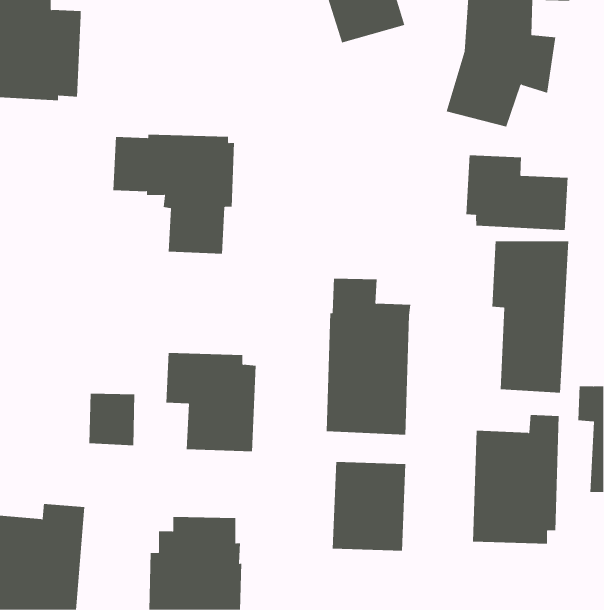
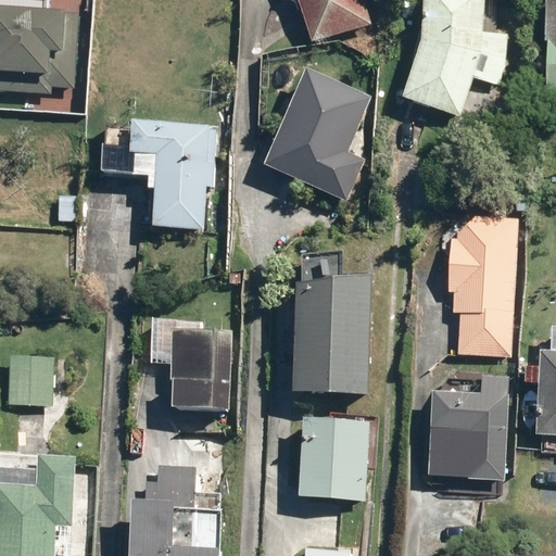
building: none -> [266,71,370,200]
building: [466,154,568,231] -> none
building: [89,393,135,446] -> [7,356,49,404]

